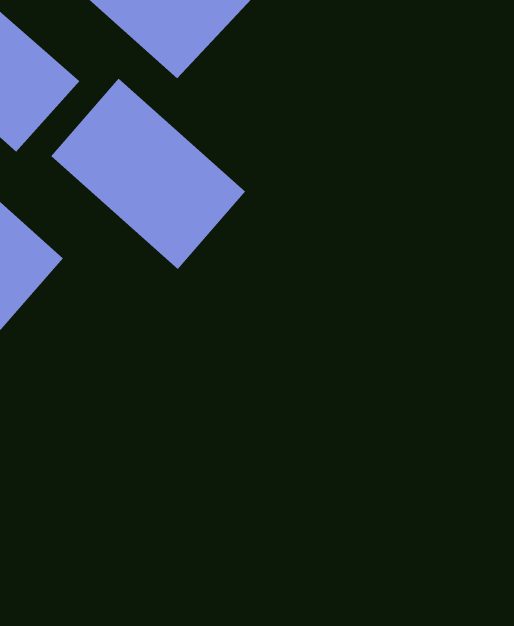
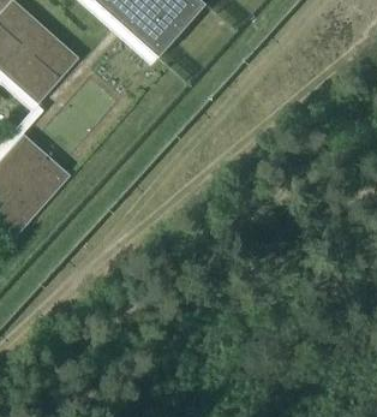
building: [50,78,246,270] -> none

